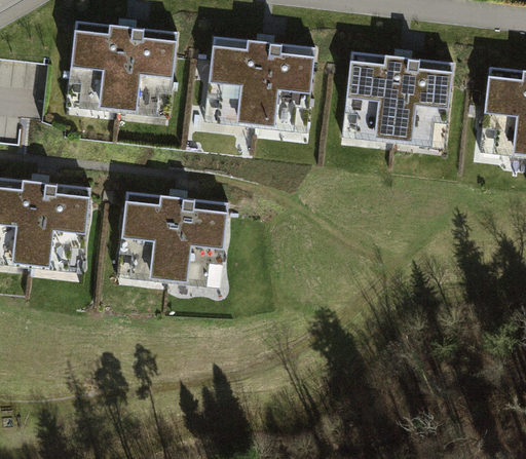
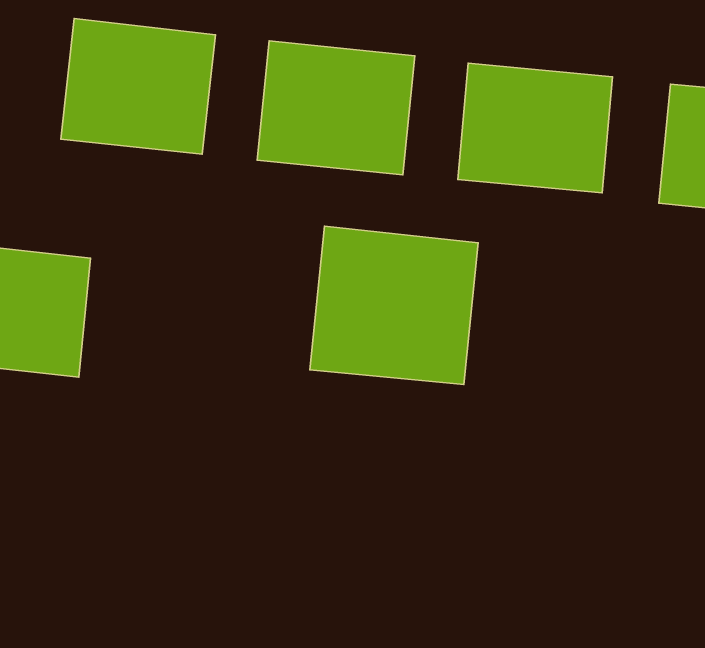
building: none -> [310,226,478,385]
building: [120,192,228,285] -> none

